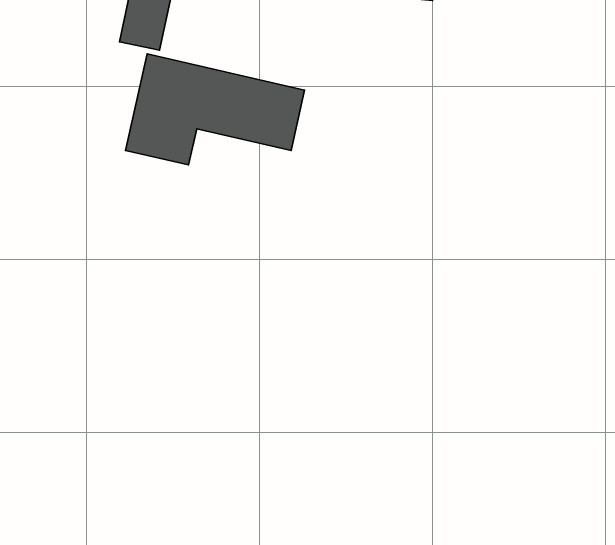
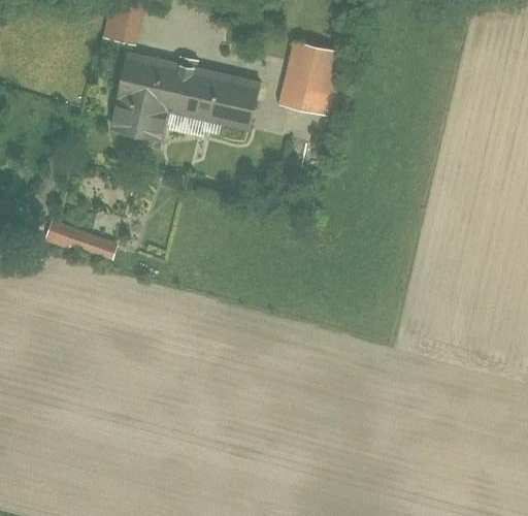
building: none -> [276,39,348,121]
building: none -> [46,220,118,261]

